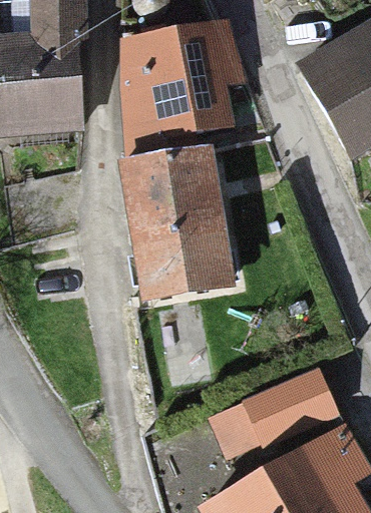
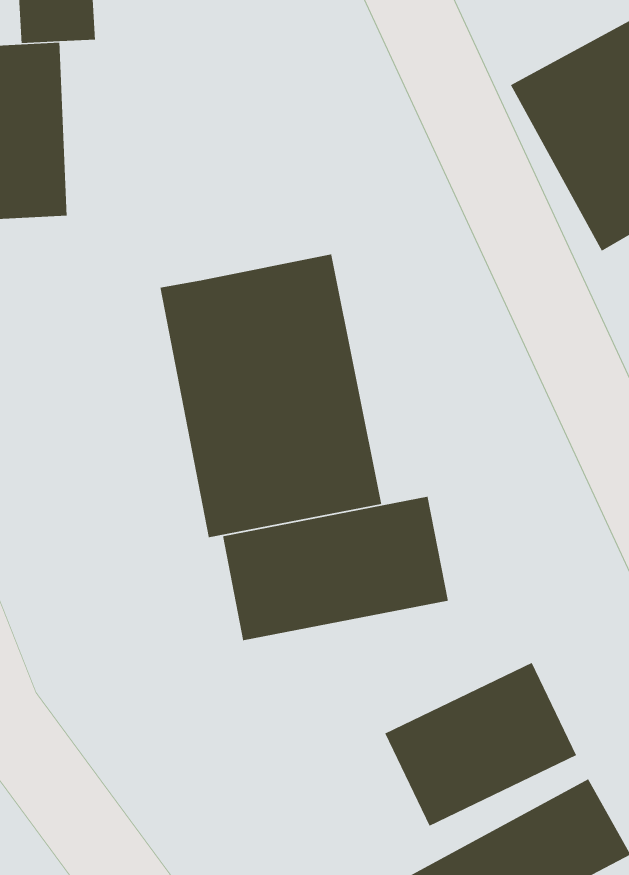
building: [114,25,231,165] -> none
building: none -> [222,496,449,641]

